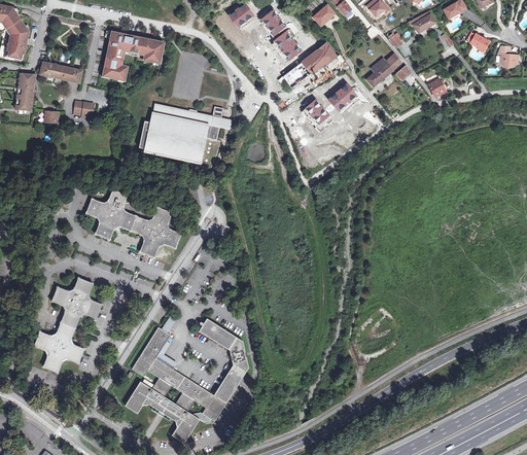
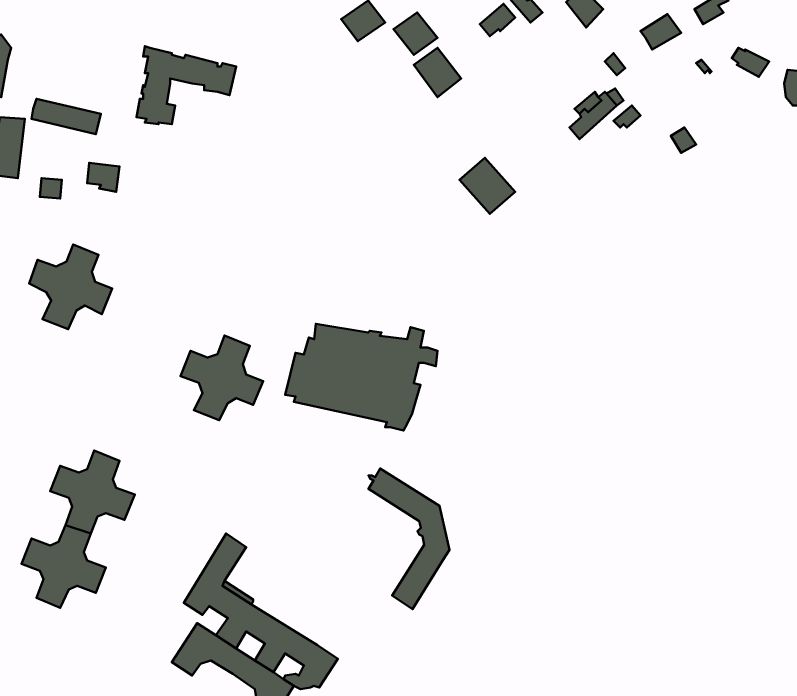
building: [282,42,336,87] -> none
building: [328,82,359,113] -> none
building: [139,103,232,168] -> [285,324,437,431]
building: [86,188,137,240] -> [29,245,112,329]
building: [200,317,249,402] -> [368,469,450,609]

